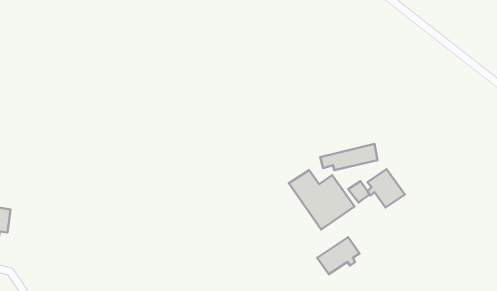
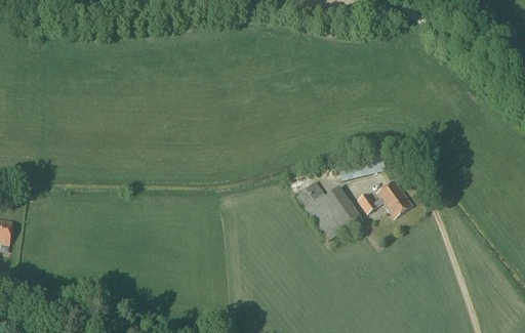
building: [317,237,360,274] -> none

